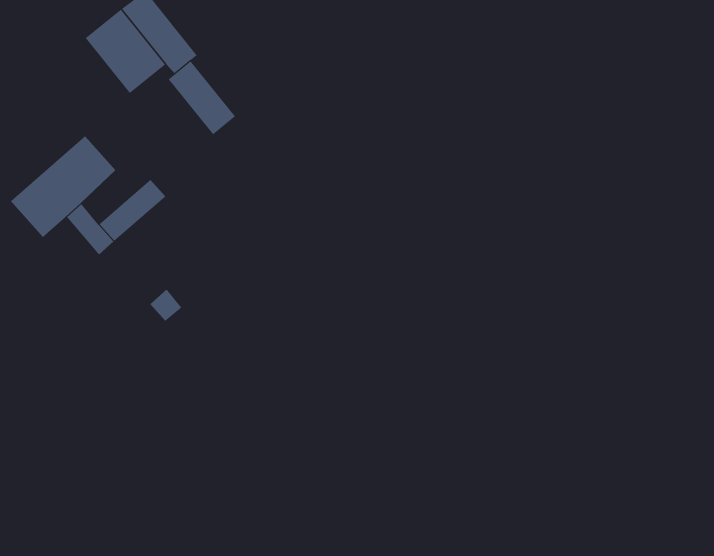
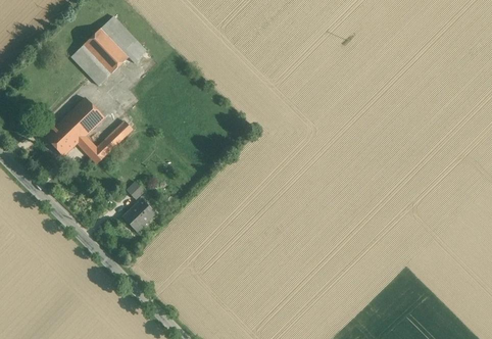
building: [168,61,236,135] -> [70,44,109,85]
building: none -> [121,198,156,232]

